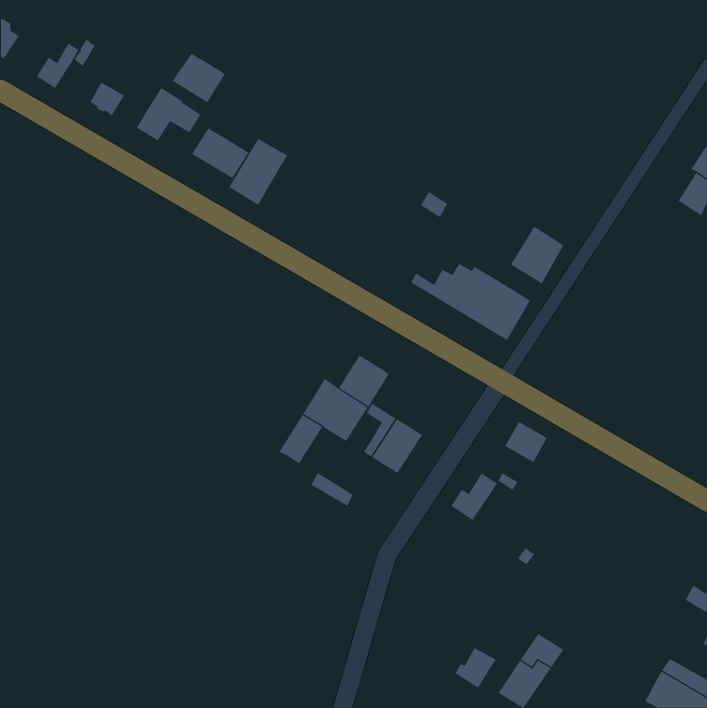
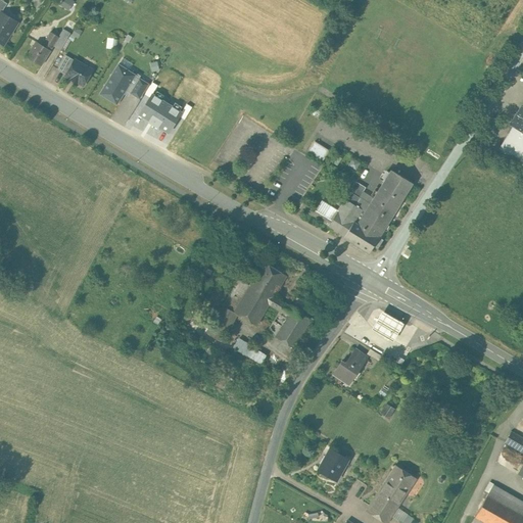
building: [172,53,226,103] -> none
building: [229,138,288,206] -> none
building: none -> [361,190,400,222]
building: [455,647,496,689] -> [319,450,349,481]

